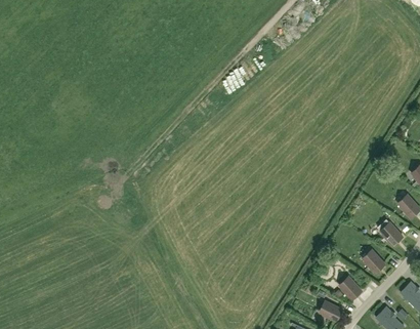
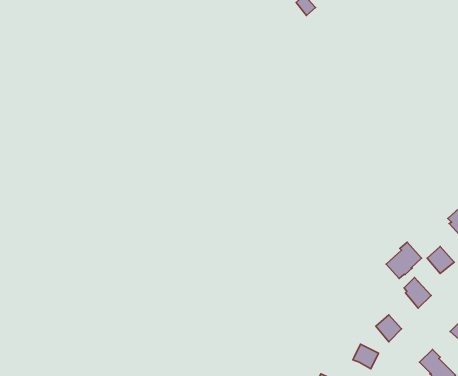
building: none -> [386,242,422,279]

